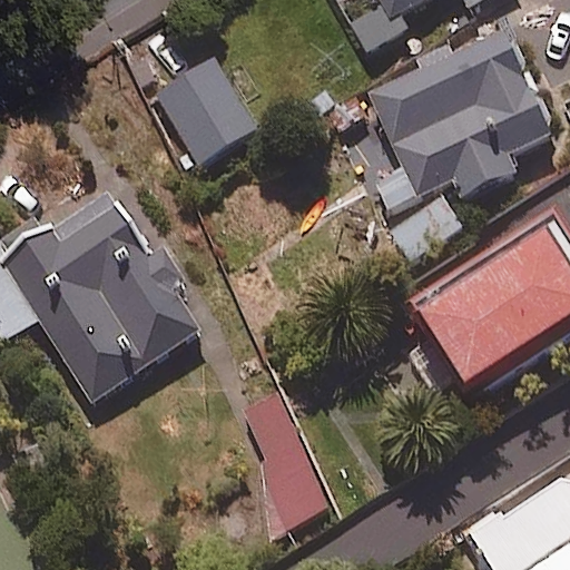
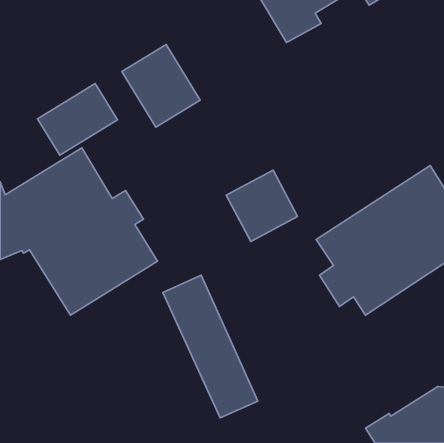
building: [362,22,558,262] -> none
building: none -> [38,84,117,155]
building: none -> [226,170,298,241]

